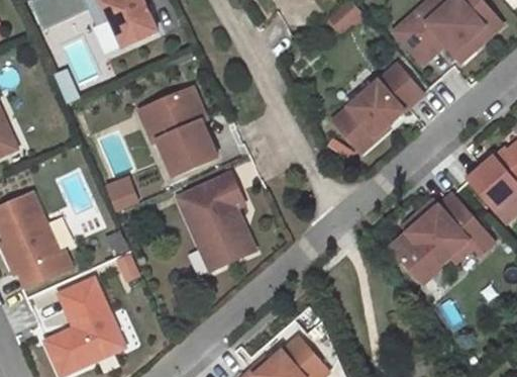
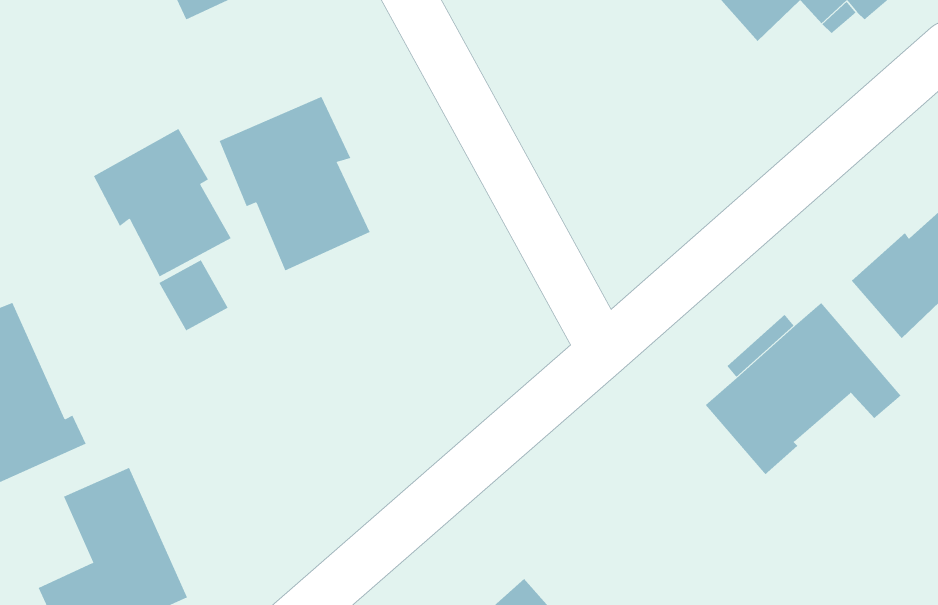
building: [333,65,423,151] -> none
building: none -> [93,128,231,277]
building: [179,173,254,269] -> none

